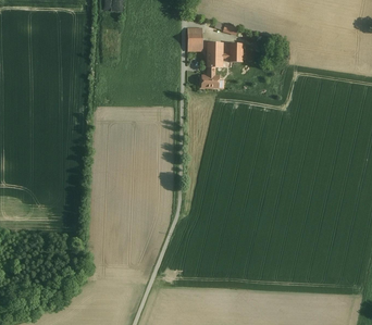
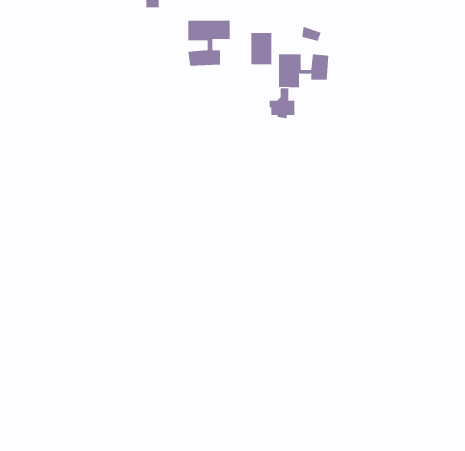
building: none -> [188,20,230,67]

